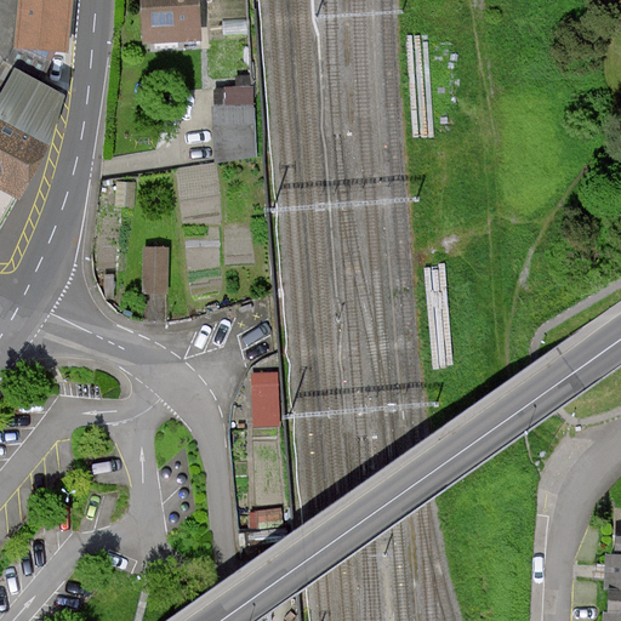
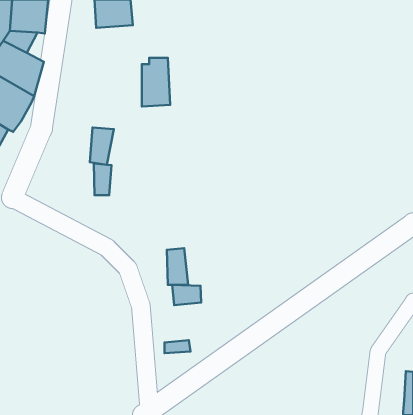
building: none -> [90,128,114,165]
building: none -> [172,285,201,305]

